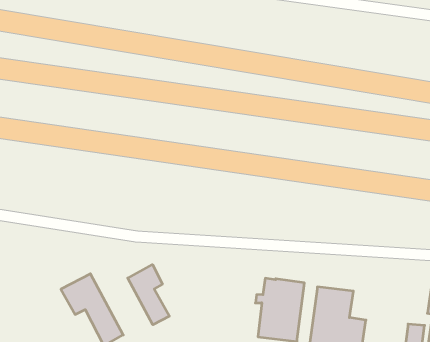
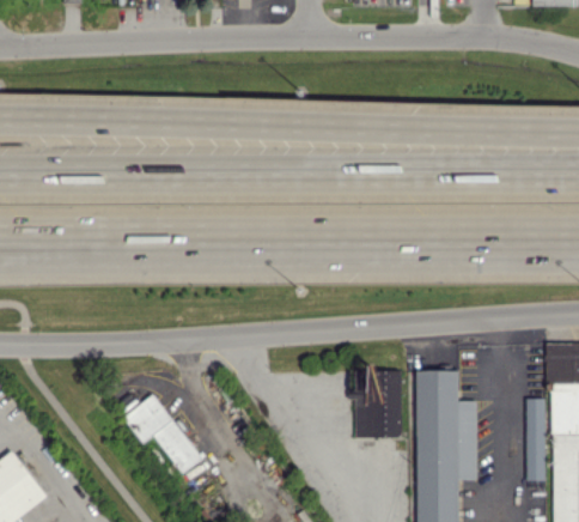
building: [128,265,169,325] -> none

